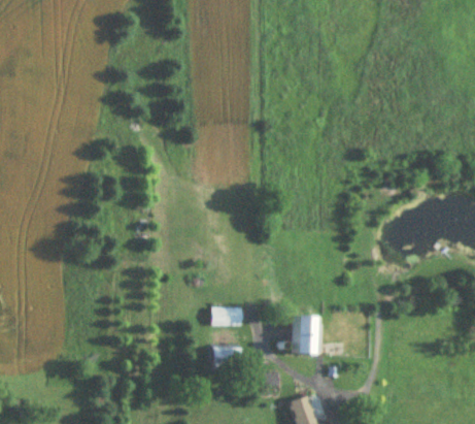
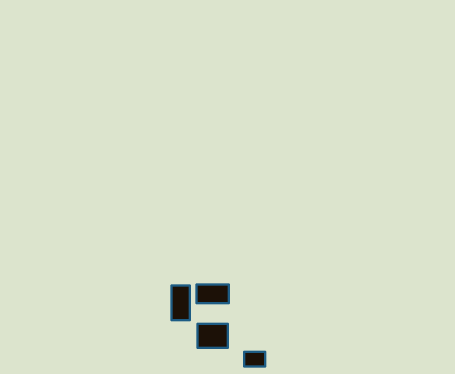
building: none -> [171,286,190,320]
building: [291,317,317,355] -> none

